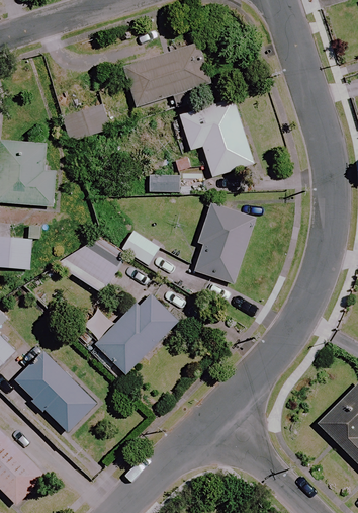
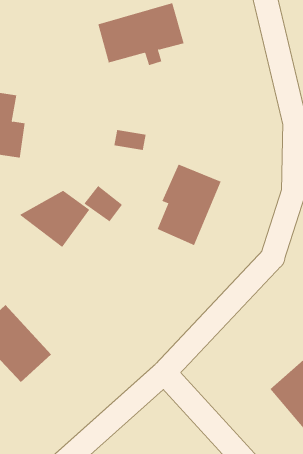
building: [178,97,254,176] -> none
building: [62,102,110,141] -> none
building: [82,292,177,372] -> none

